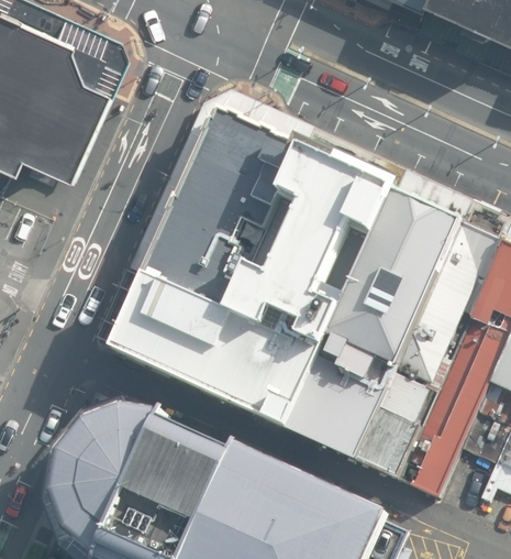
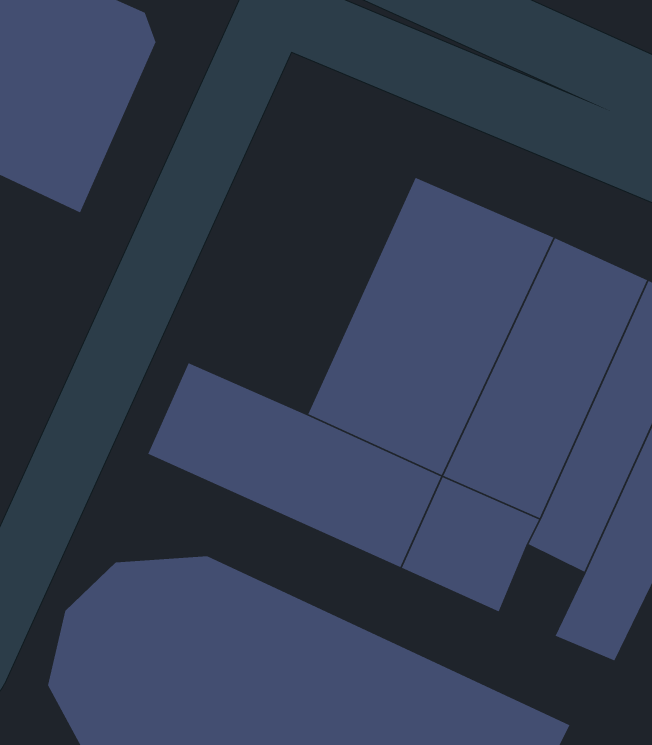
building: [142,117,299,317] -> none
building: [357,407,416,471] -> none

